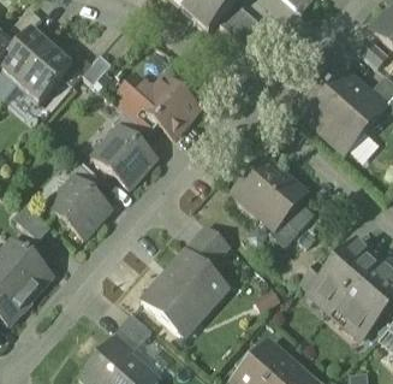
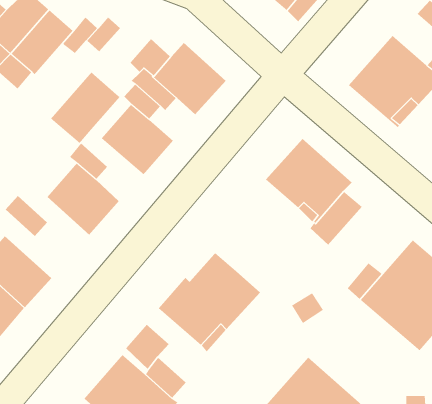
building: none -> [50,72,121,144]
building: [185,224,230,267] -> none

